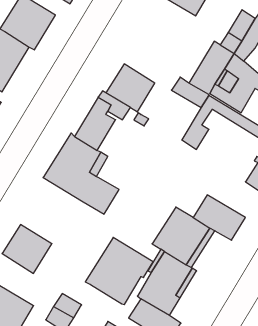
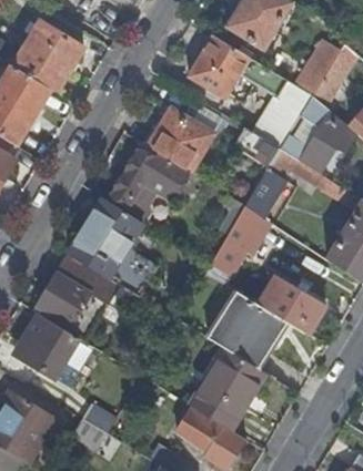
building: none -> [190,35,249,96]
building: none -> [212,205,270,270]
building: [85,237,153,305] -> [33,253,120,338]

